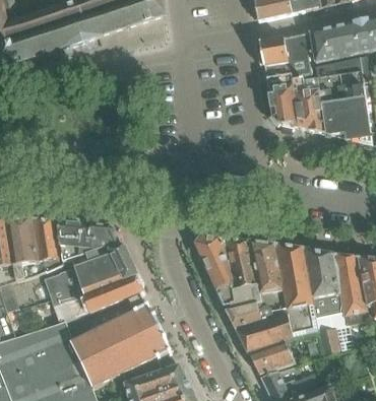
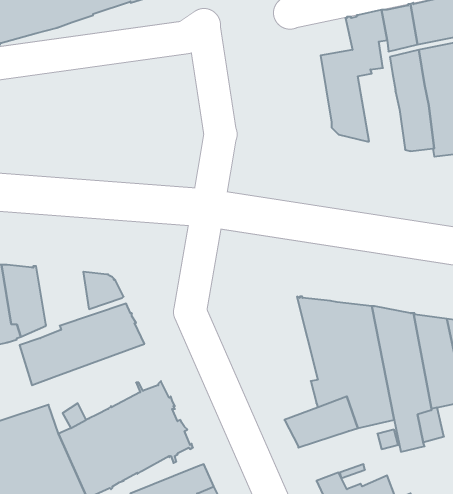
building: [261,38,289,65] -> none
building: [293,78,327,134] -> none
building: [57,219,96,262] -> none
building: [195,236,263,329] -> none
building: [70,276,144,317] -> none
building: [249,340,296,374] -> none

